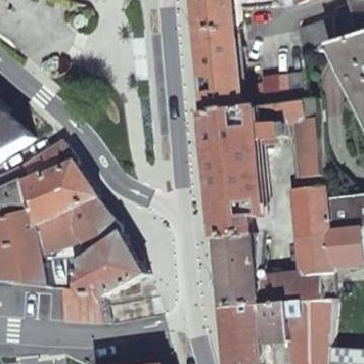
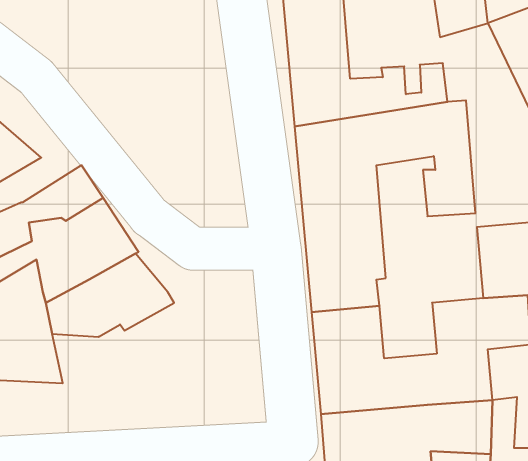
building: [287,181,324,231] -> none
building: [65,231,144,321] -> none

